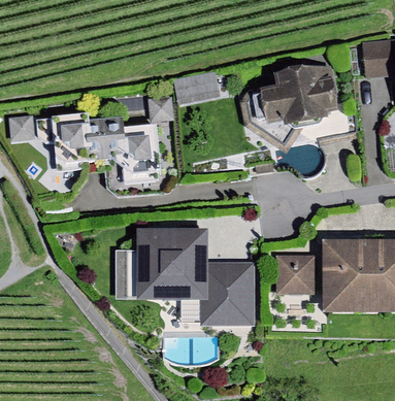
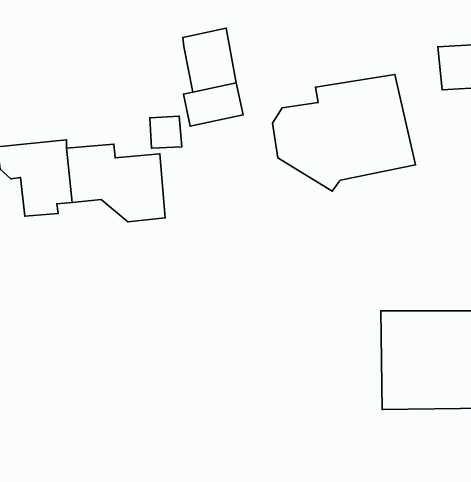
building: none -> [183,28,236,92]
building: [116,228,252,320] -> none
building: [275,254,314,292] -> none

